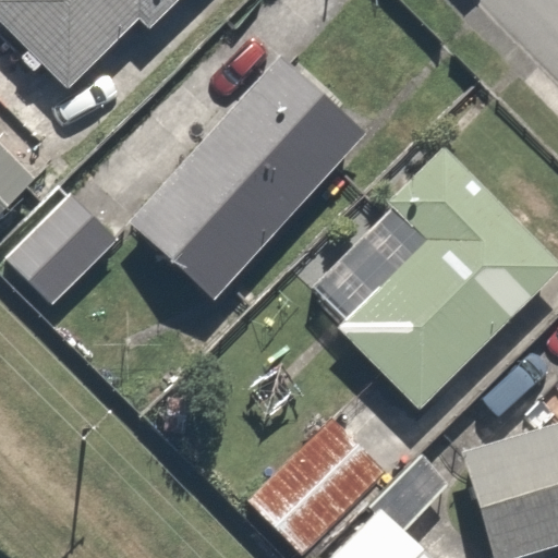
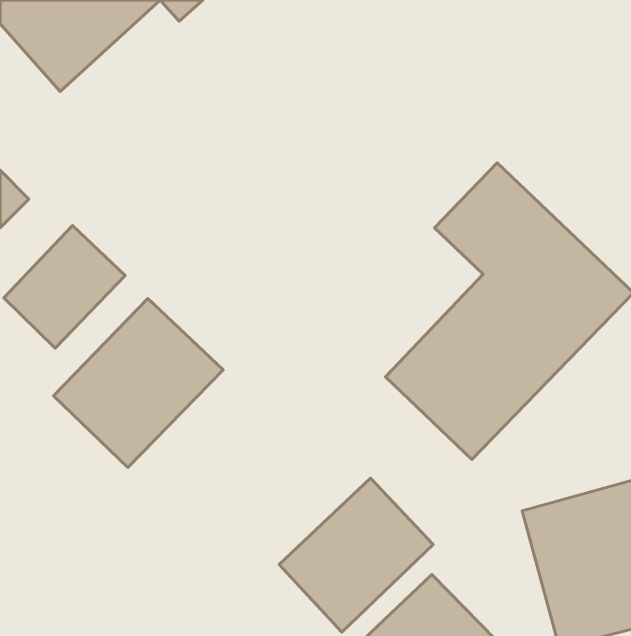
building: [132,61,360,295] -> none
building: none -> [54,298,223,467]

